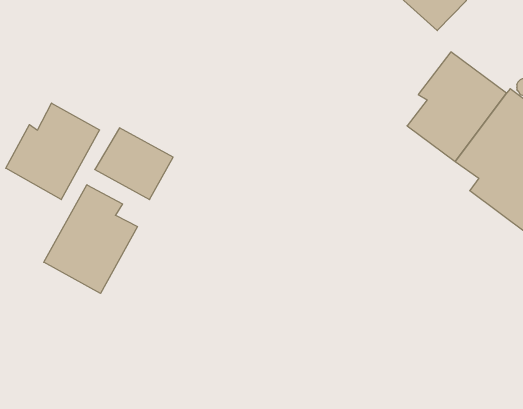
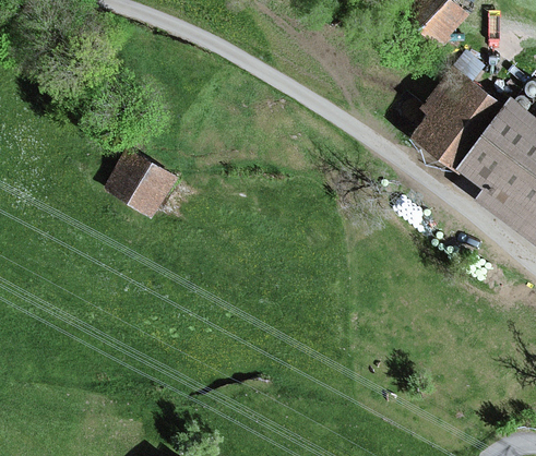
building: [6,103,100,200] -> none
building: [44,185,137,293] -> none

